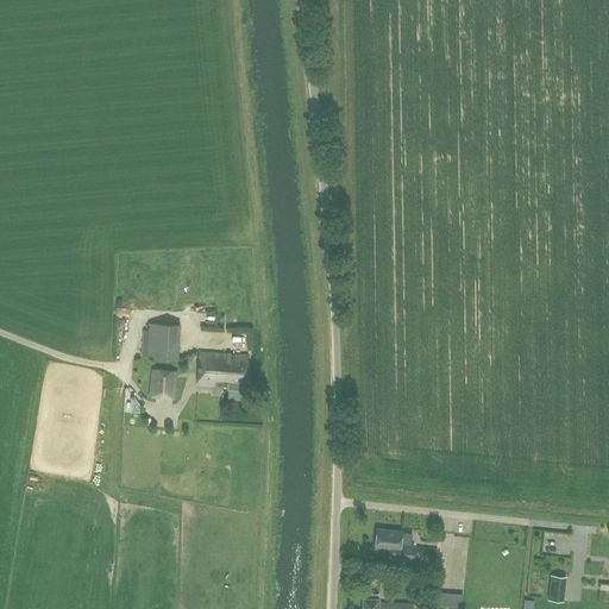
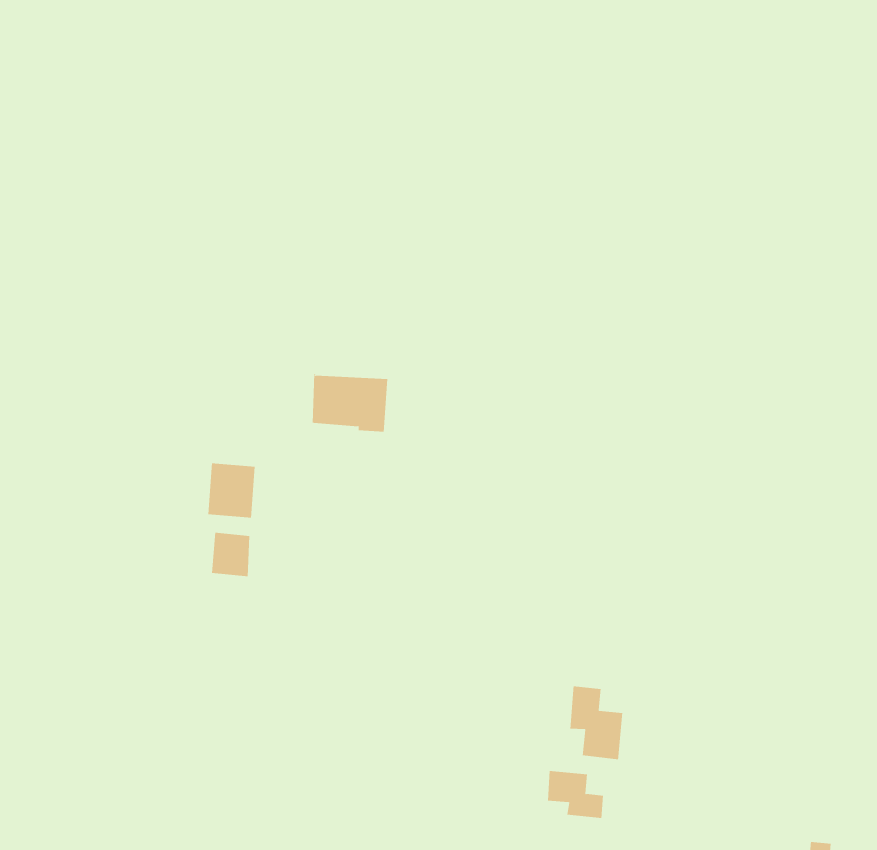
building: [197,351,249,390] -> [312,373,388,432]
building: none -> [570,686,623,760]

